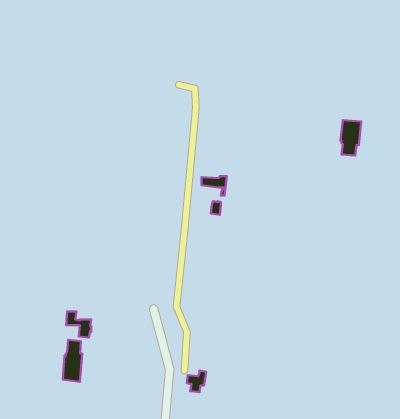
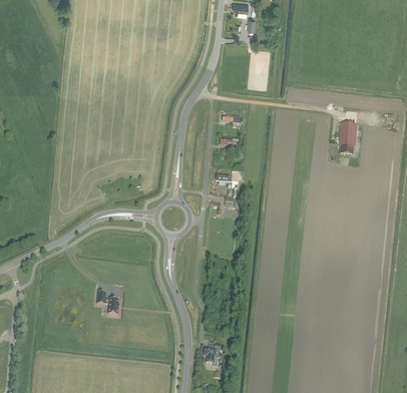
building: [63,340,82,382] -> none

